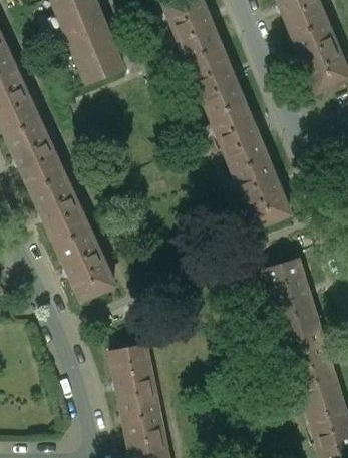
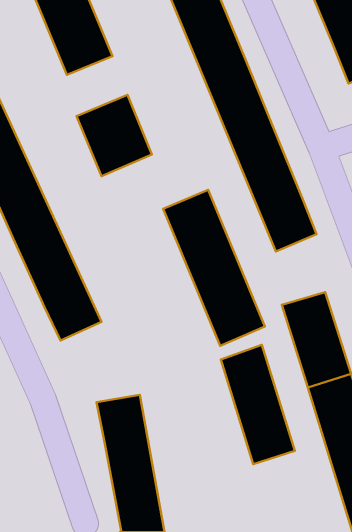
building: none -> [76,95,152,176]
building: none -> [163,190,265,346]
building: none -> [221,345,295,464]

